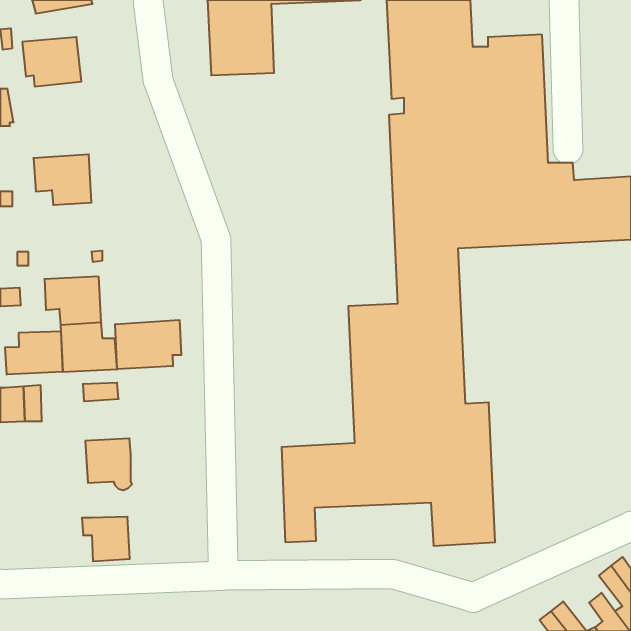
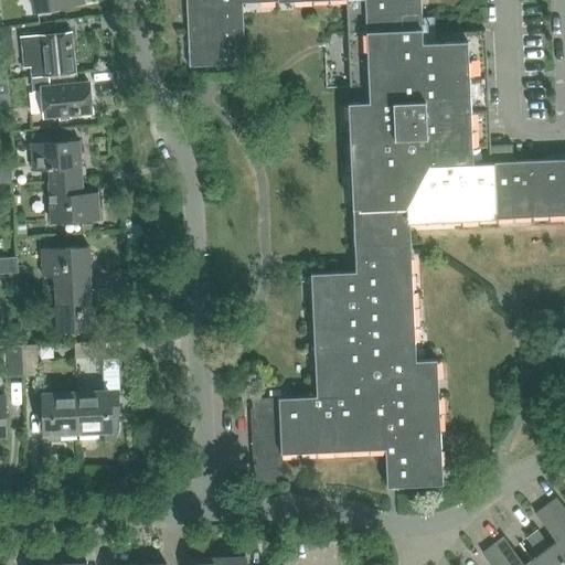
building: none -> [31,73,92,116]
building: none -> [47,181,99,223]
building: [115,320,181,369] -> none
building: [5,331,63,375] -> none
building: [82,517,130,561] -> [35,394,78,434]

